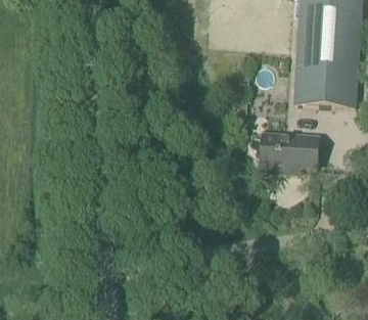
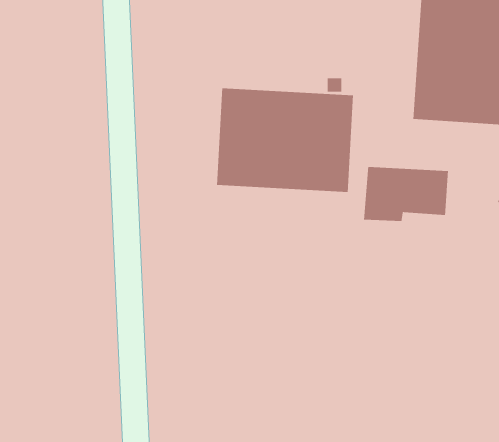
building: none -> [216,88,354,193]

